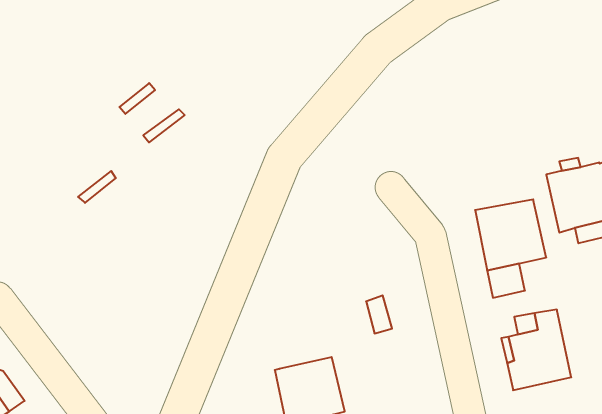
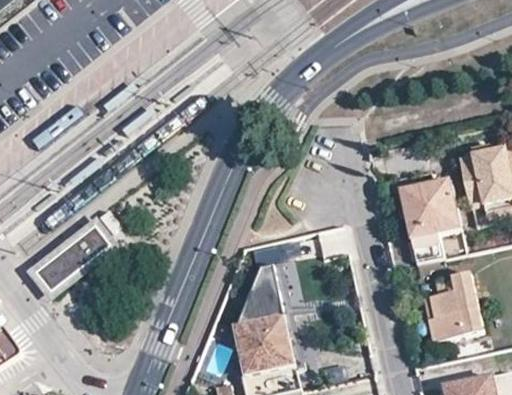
building: none -> [24,216,114,299]
building: none -> [236,264,280,324]

